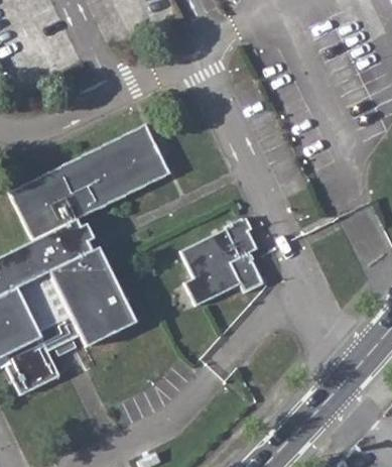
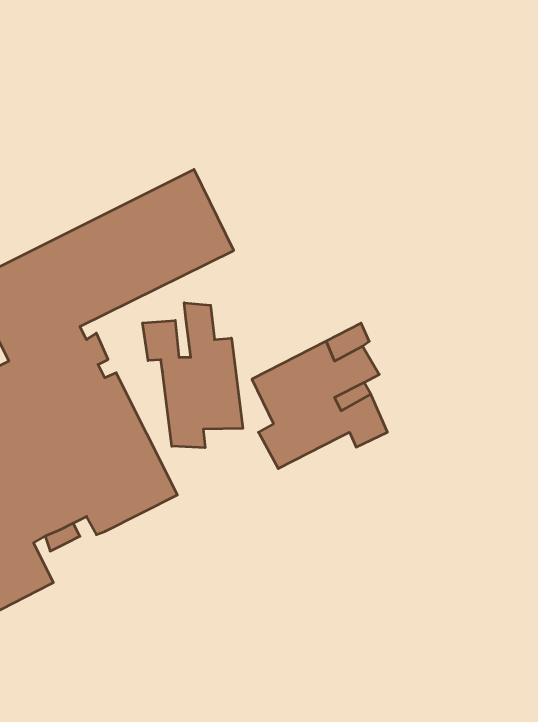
building: none -> [143,303,243,448]

